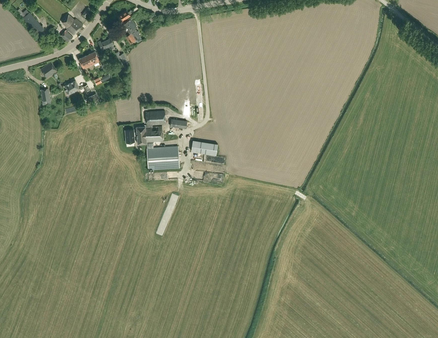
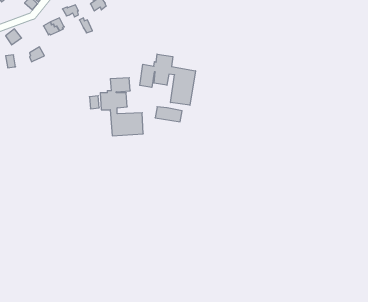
building: none -> [140,54,195,105]

